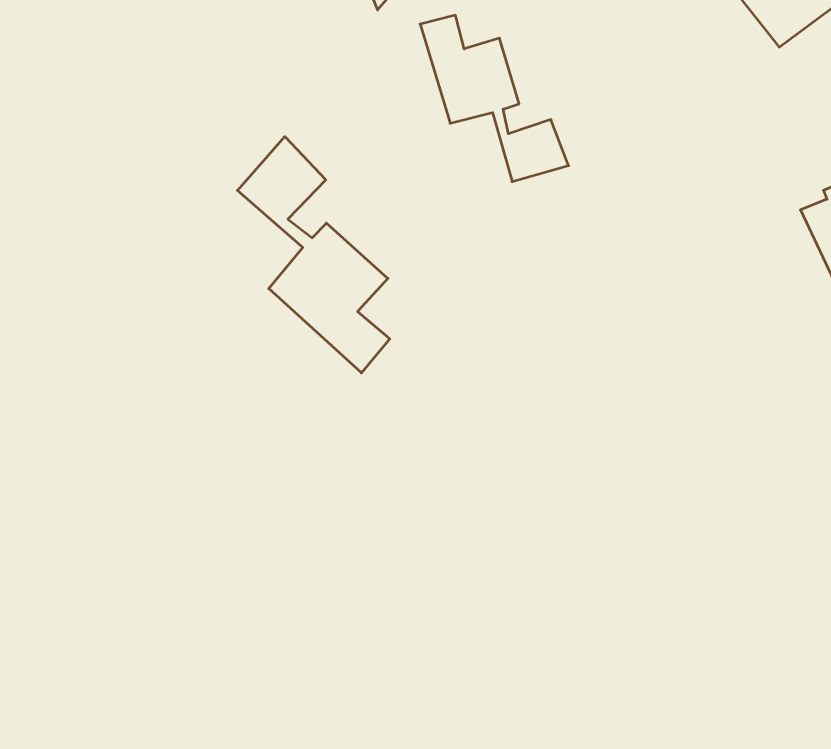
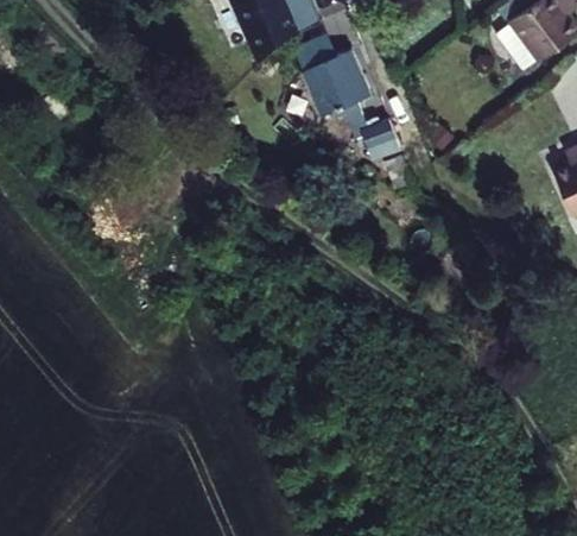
building: [237,137,390,373] -> none

